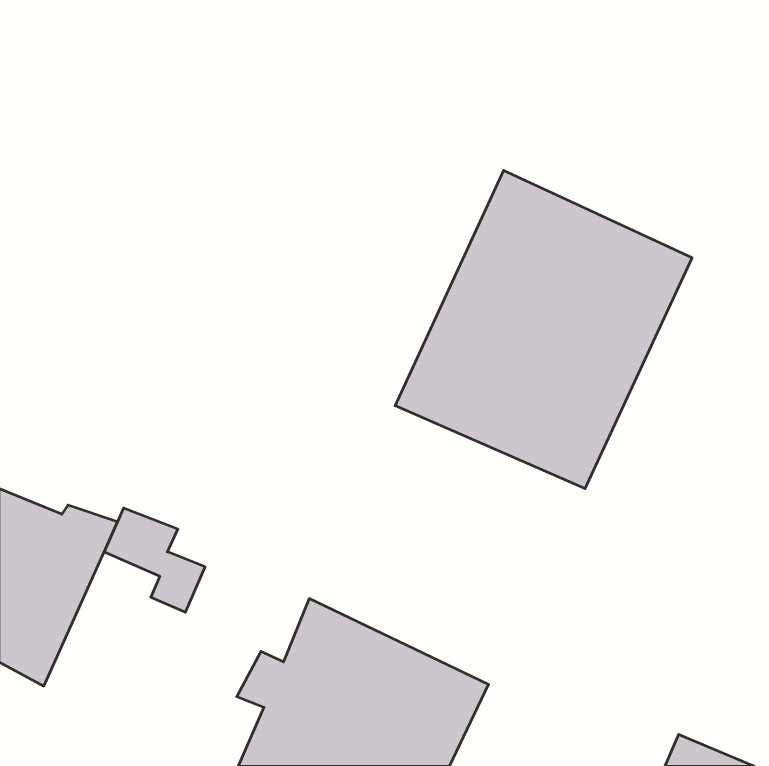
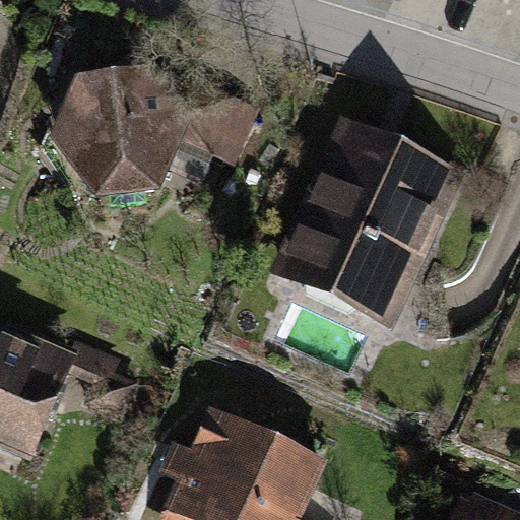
building: none -> [52,66,236,199]

